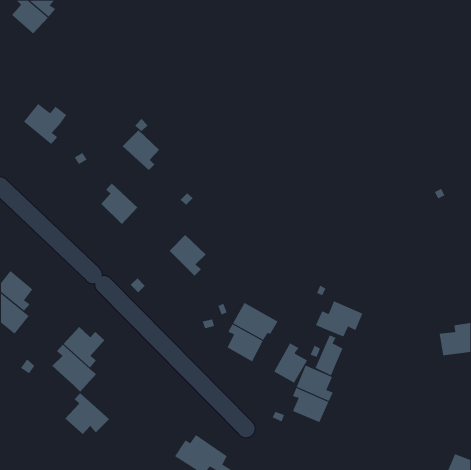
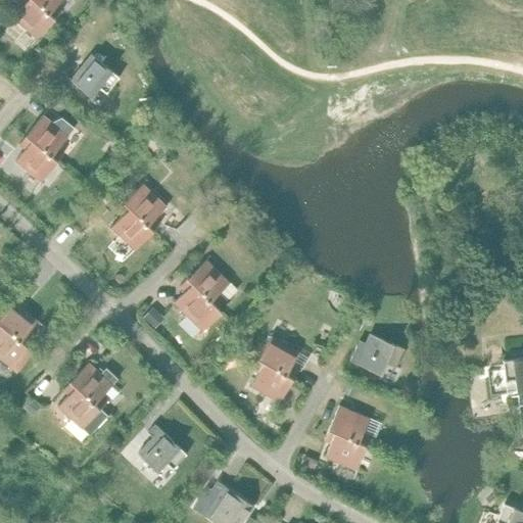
building: none -> [70,55,120,97]
building: none -> [15,136,57,182]
building: [122,129,160,171] -> [124,185,165,231]
building: none -> [174,279,221,332]
building: [315,335,343,376] -> none
building: [273,343,308,383] -> none
building: [65,393,110,435] -> [137,425,187,472]

